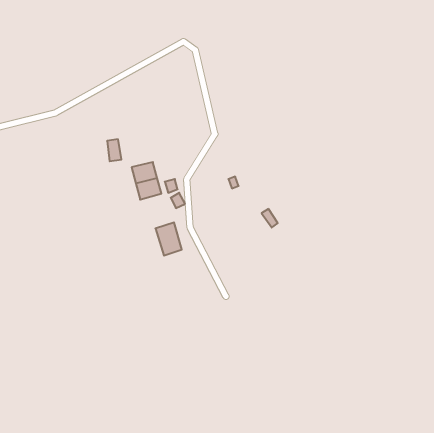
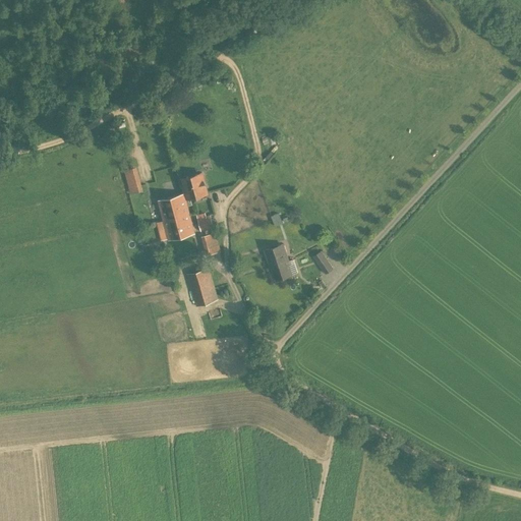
building: none -> [182,174,206,207]
building: none -> [265,244,291,280]

